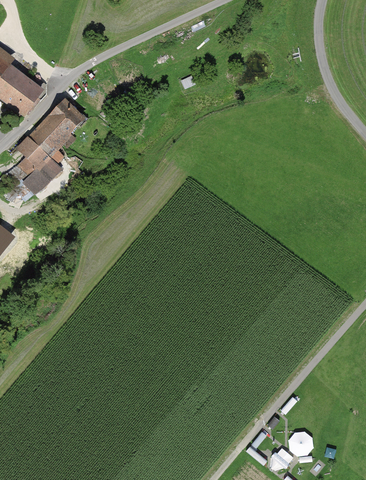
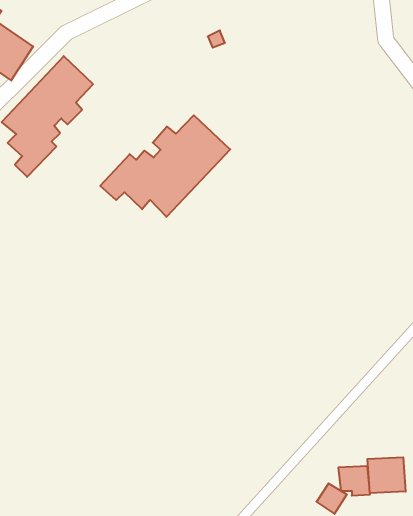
building: none -> [100,115,230,217]
building: none -> [368,457,406,493]

